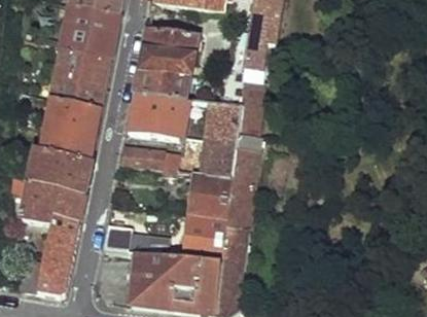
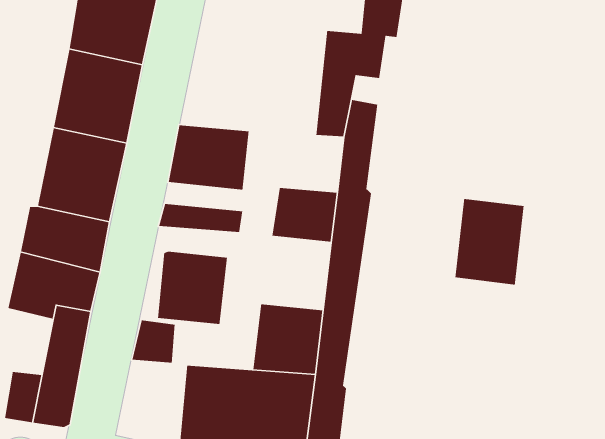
building: [134,25,199,98] -> none
building: [200,99,242,138] -> none
building: none -> [454,198,525,285]
building: [187,167,234,215] -> [157,251,228,325]

